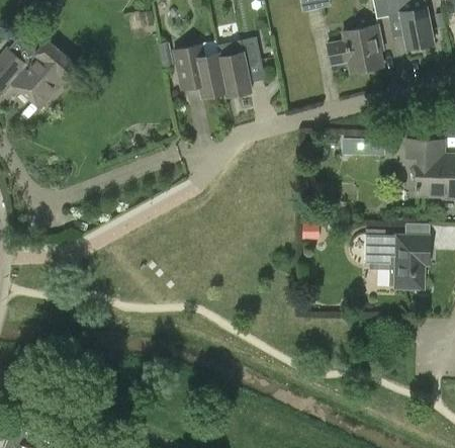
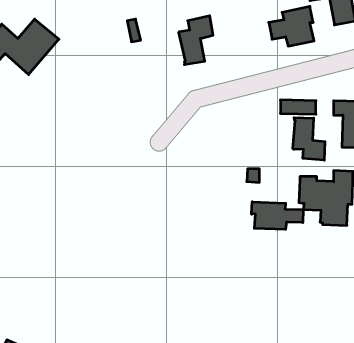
building: [175,42,228,96] -> none
building: none -> [293,118,325,160]
building: none -> [252,202,303,229]

